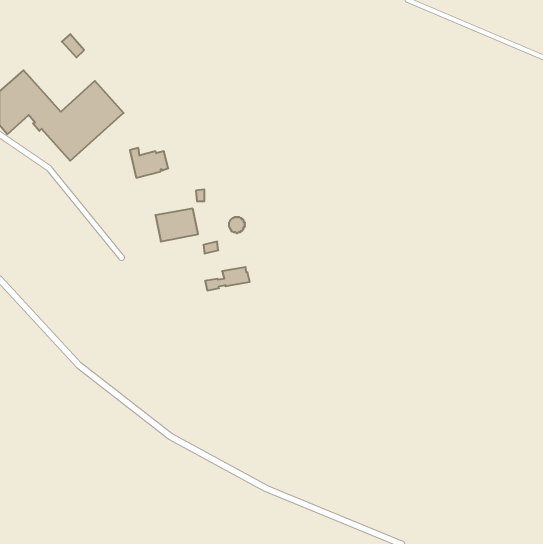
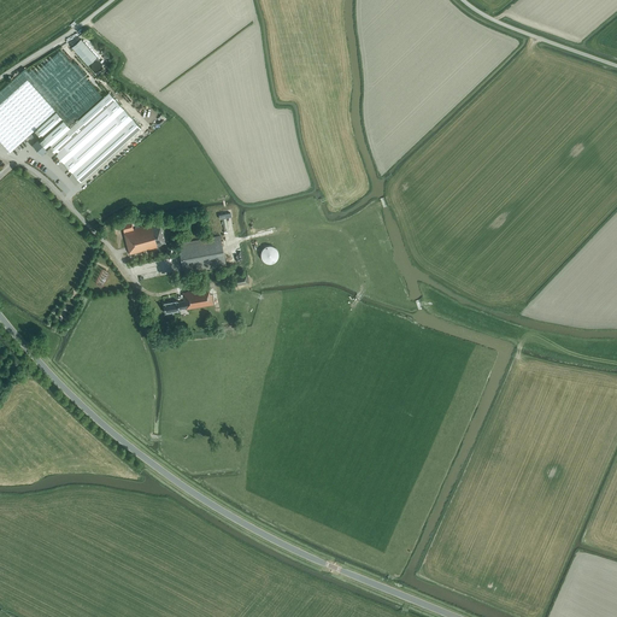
building: [130,148,168,178] -> [121,221,164,254]
building: [205,267,250,290] -> [161,288,212,315]

